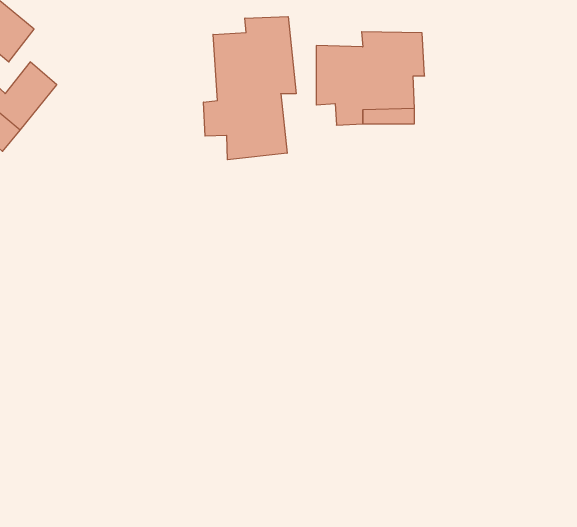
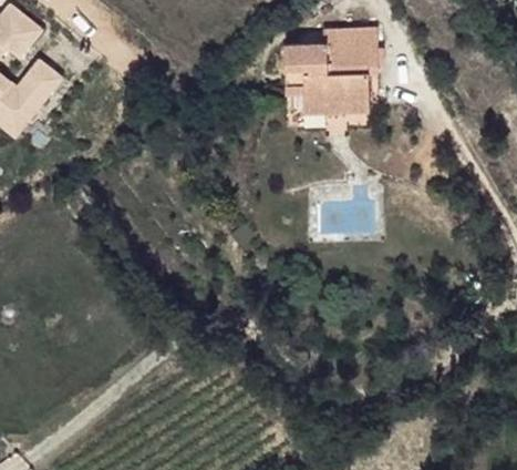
building: [204,17,296,160] -> none

